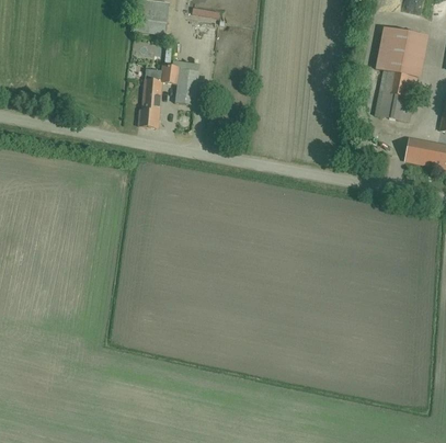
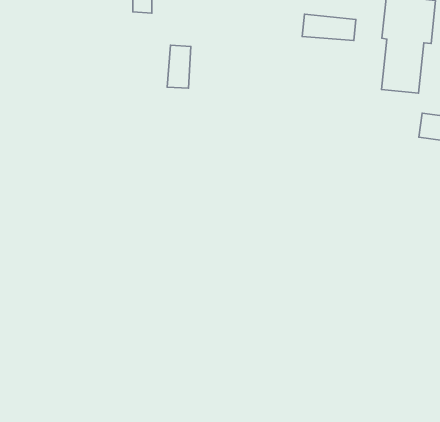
building: none -> [302,14,356,41]
building: [134,60,179,126] -> none

